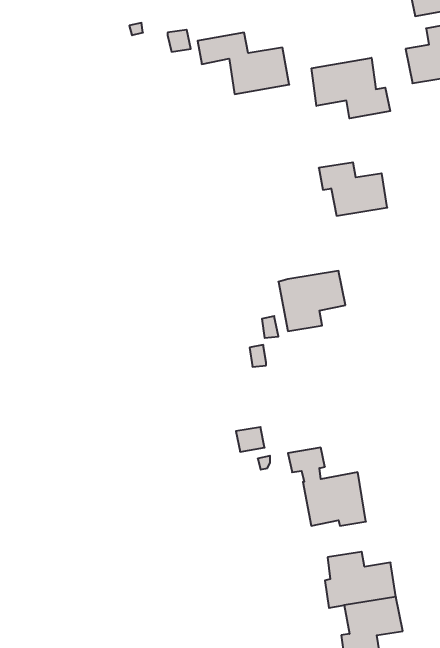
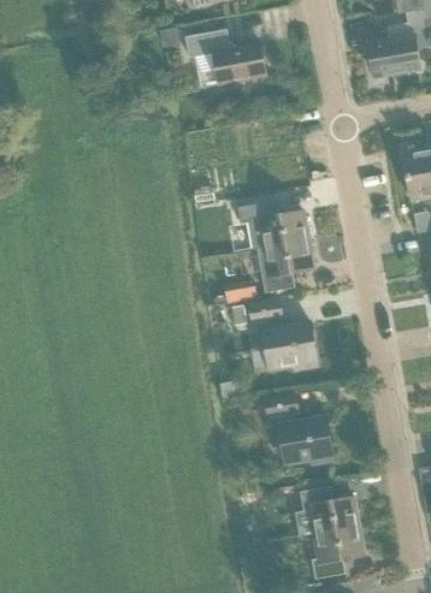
building: [312,58,390,118] -> none
building: [319,162,387,216] -> [249,200,309,247]
building: none -> [249,298,317,368]

